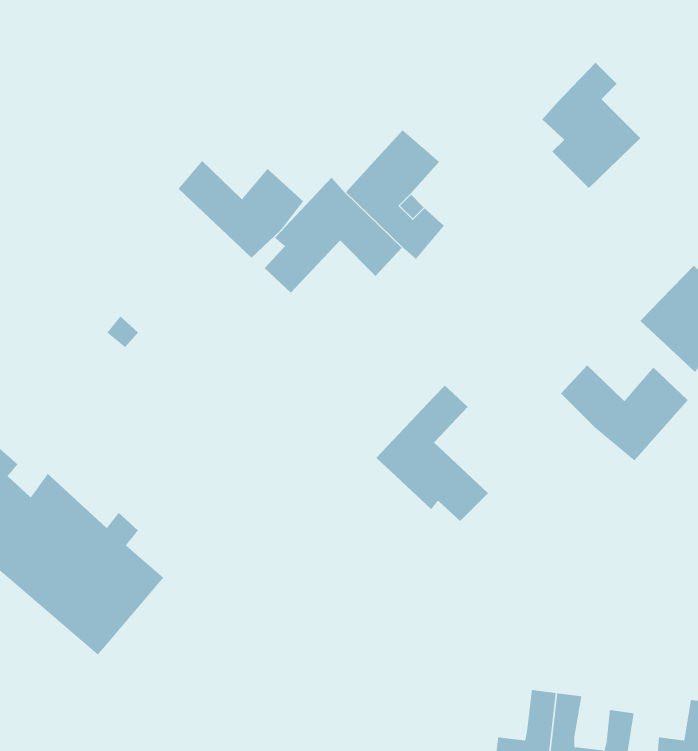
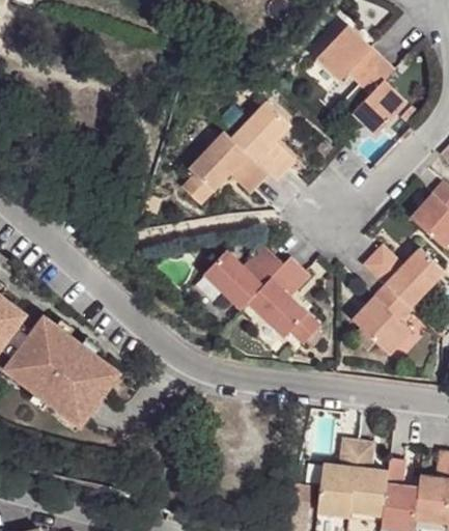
building: none -> [317,28,384,86]
building: [178,160,304,259] -> none
building: none -> [202,246,283,310]
building: none -> [349,285,409,354]

